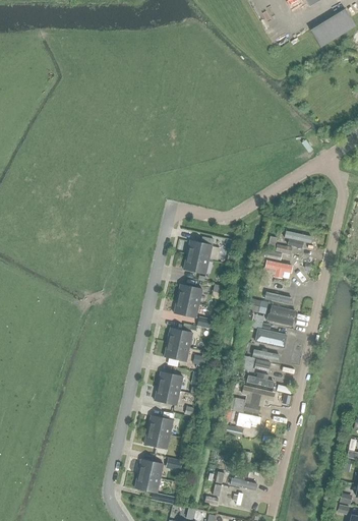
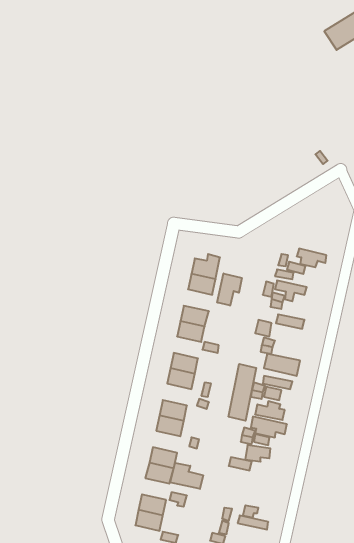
building: none -> [217,273,242,306]
building: [268,306,297,328] -> none
building: none -> [229,364,256,421]
building: none -> [170,463,203,489]

